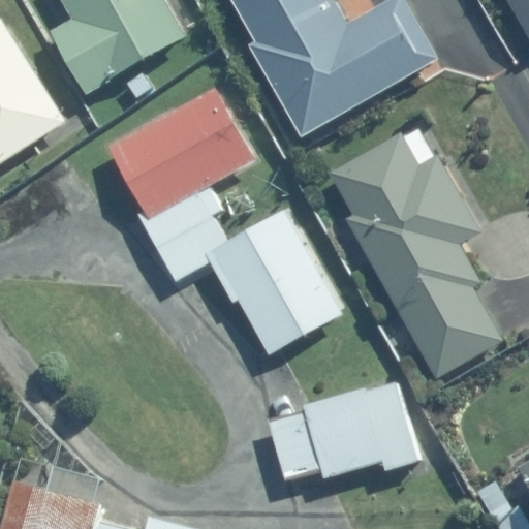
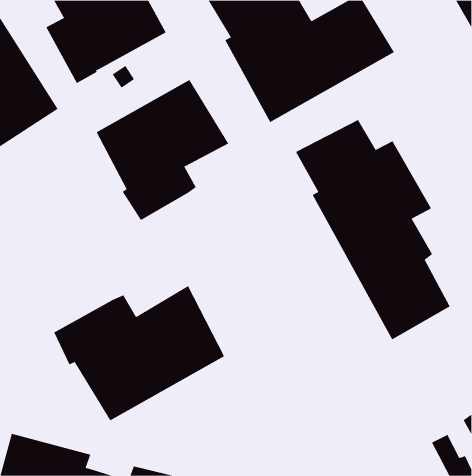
building: [156,206,344,355] -> none
building: none -> [53,285,225,421]
building: [267,383,419,480] -> none

